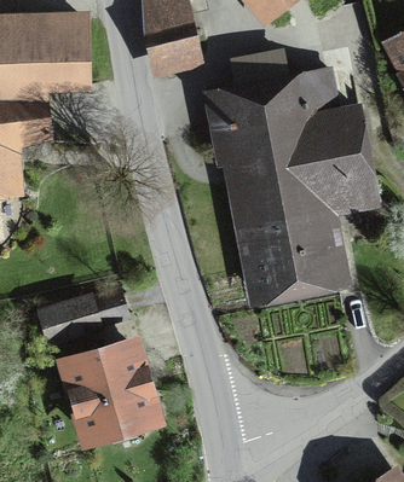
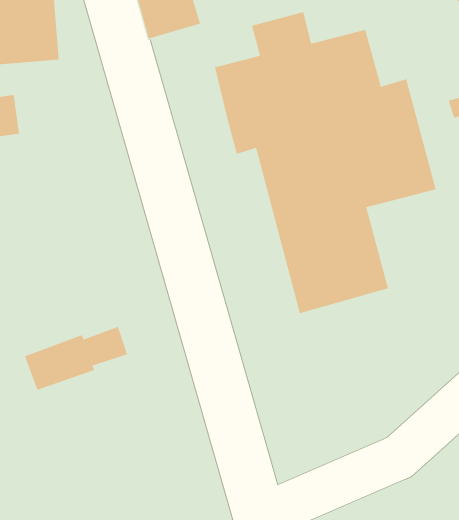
building: [65,347,151,442] -> none

